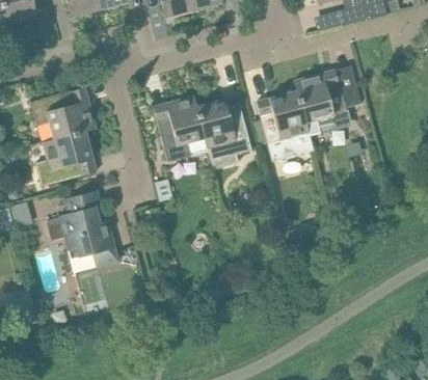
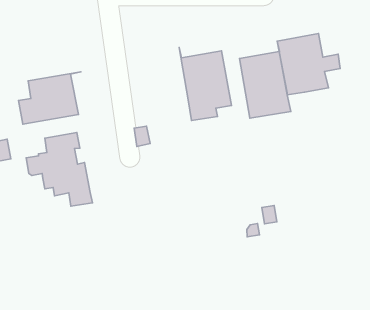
building: [30,87,96,142] -> none
building: [153,96,208,162] -> none

